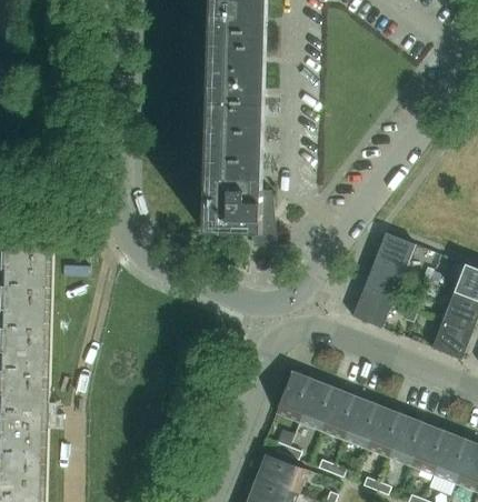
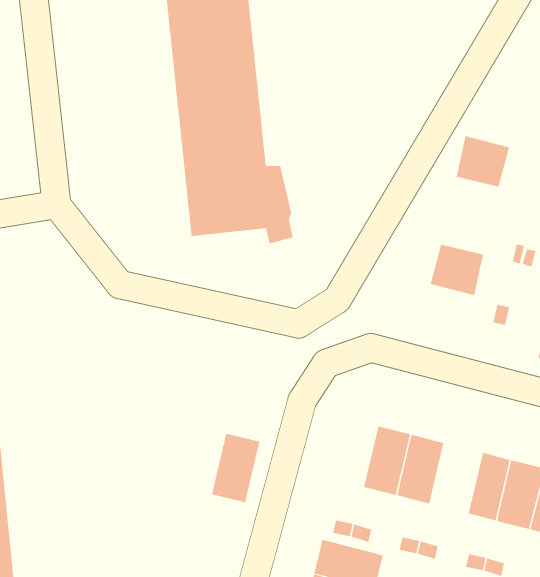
building: [374,231,414,270] -> [456,135,510,187]
building: [350,285,392,327] -> none
building: [275,370,313,420] -> [211,433,260,503]
building: [342,396,384,448] -> none

